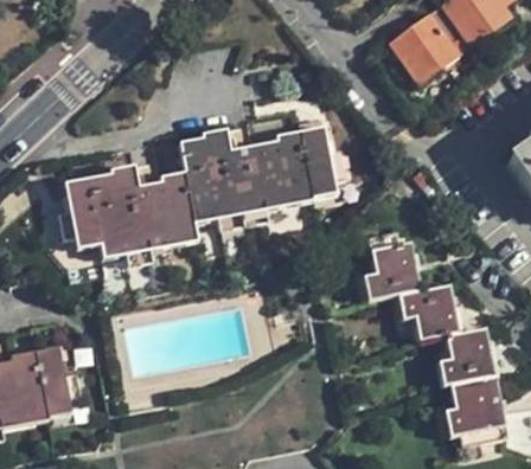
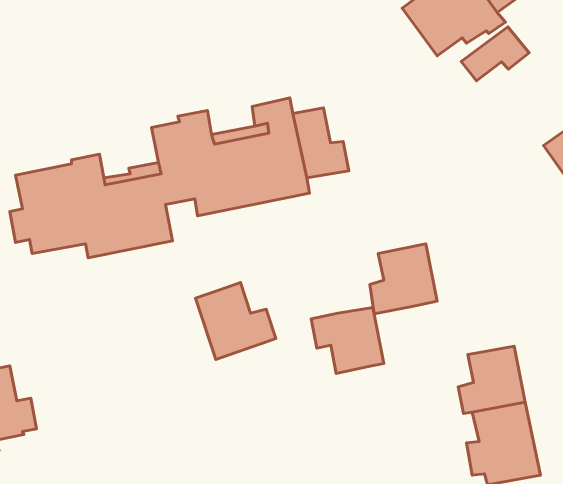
building: none -> [461,27,529,81]
building: none -> [195,282,276,360]
building: [397,287,459,342] -> [311,307,384,373]

